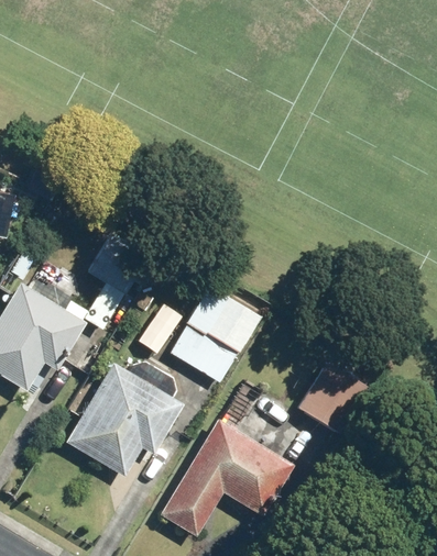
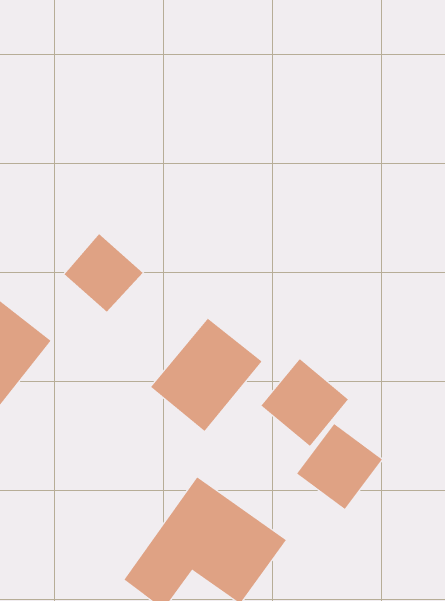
building: none -> [261,358,349,447]
building: [65,363,183,483] -> none

